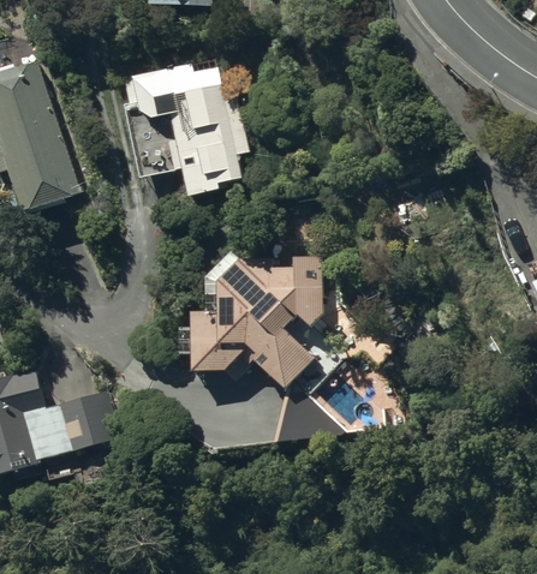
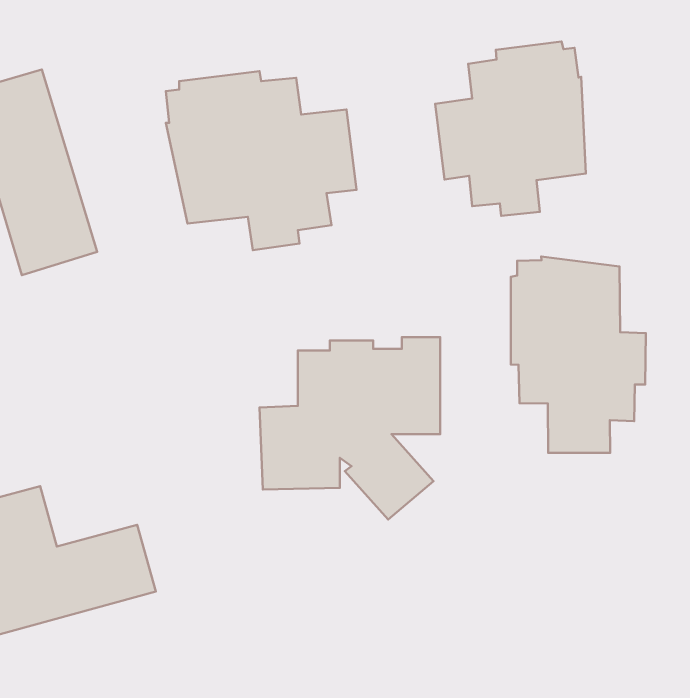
building: none -> [435,42,586,216]
building: none -> [511,257,646,453]

